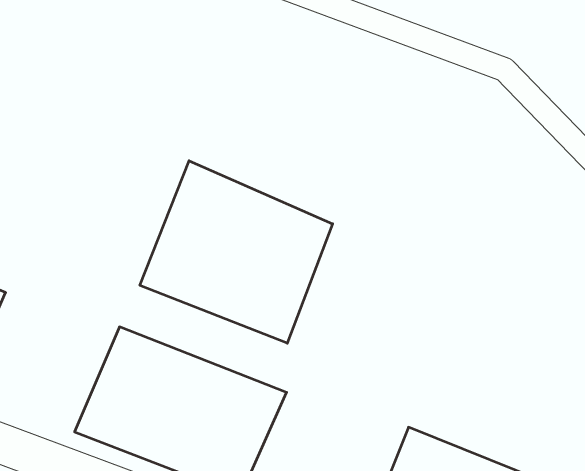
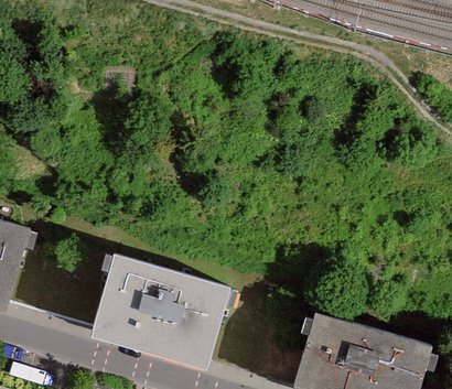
building: [140,161,333,343] -> none

